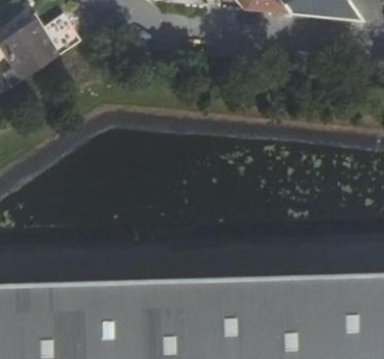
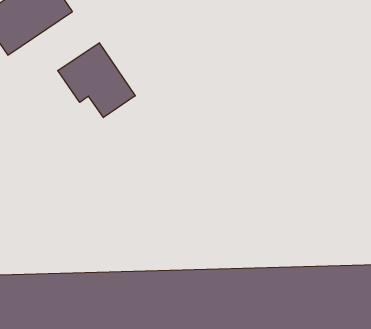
building: none -> [58,43,135,118]

